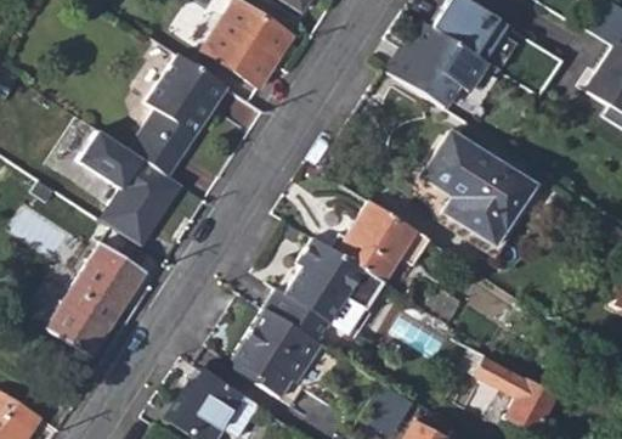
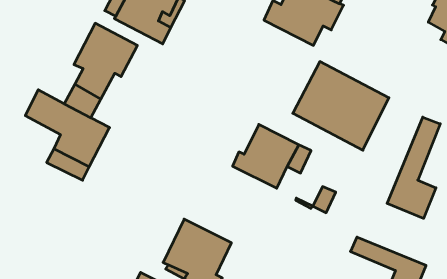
building: none -> [387,117,440,218]
building: [264,236,383,340] -> none
building: [46,242,147,356] -> none

